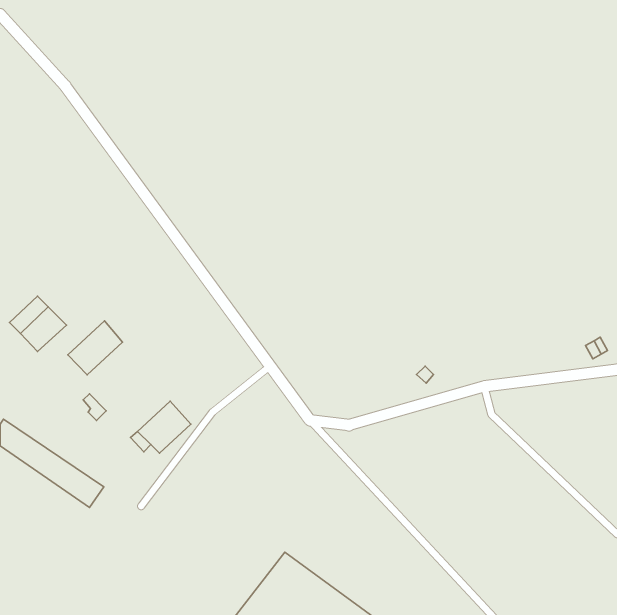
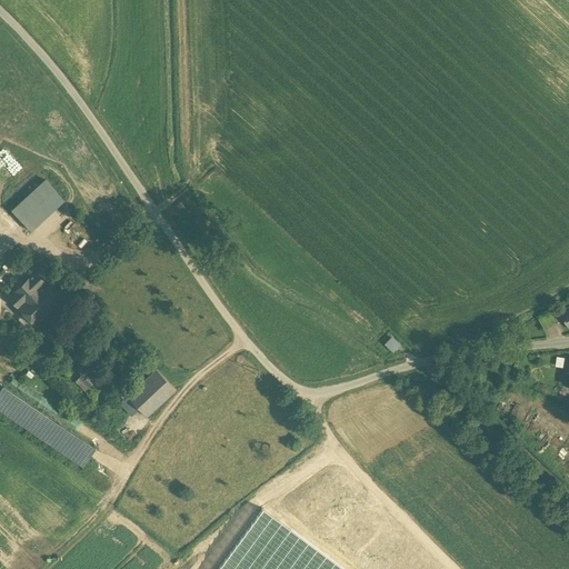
building: none -> [12,181,63,232]
building: [68,321,122,375] -> none

